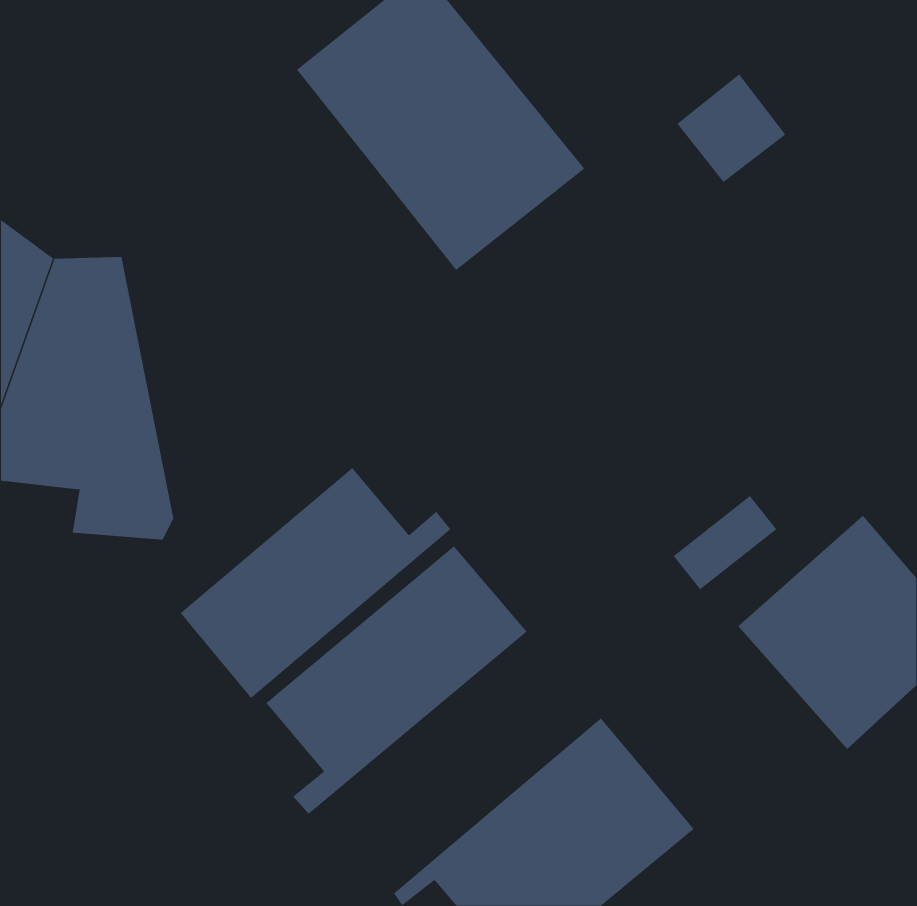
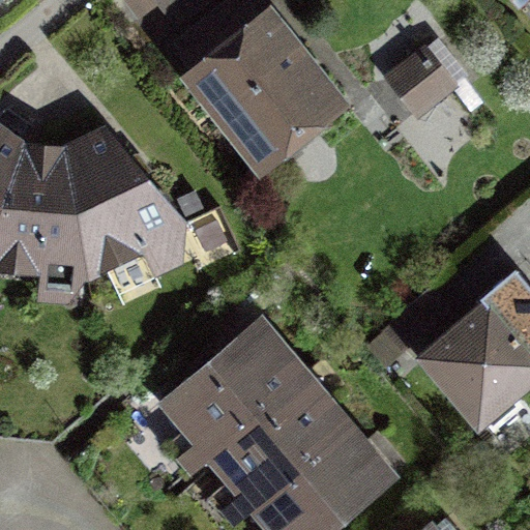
building: none -> [70,134,190,299]
building: [180,467,451,699] -> none
building: none -> [178,364,347,516]

